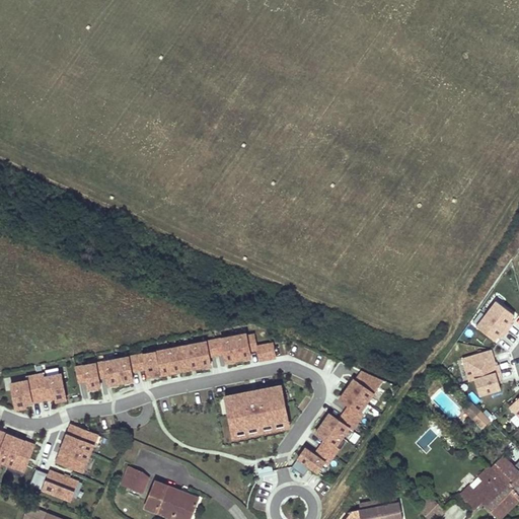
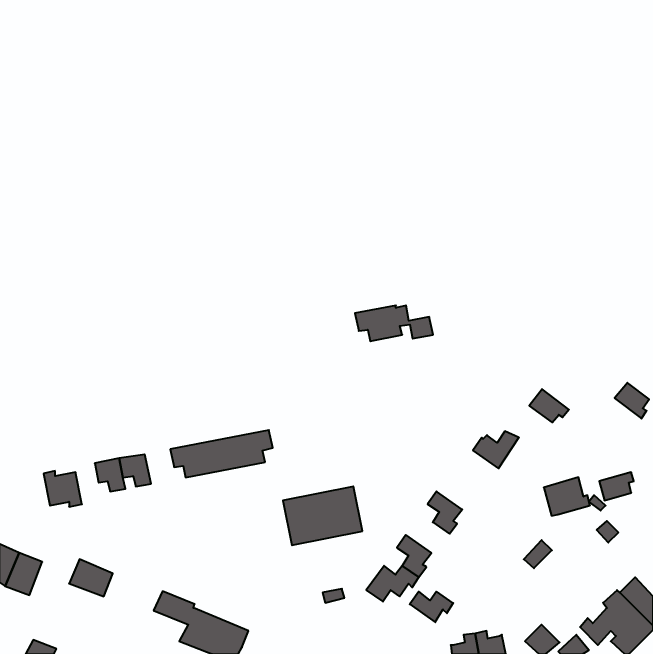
building: [476,315,508,342] -> [529,389,569,422]
building: [213,335,275,363] -> [355,305,433,341]
building: [463,352,500,382] -> [544,477,590,516]
building: [115,356,138,383] -> none
building: [346,374,382,403] -> [473,431,519,468]
building: [9,375,40,410] -> none
building: [321,414,356,438] -> [410,592,453,622]
building: [63,425,96,454] -> none
building: [29,469,77,501] -> none

